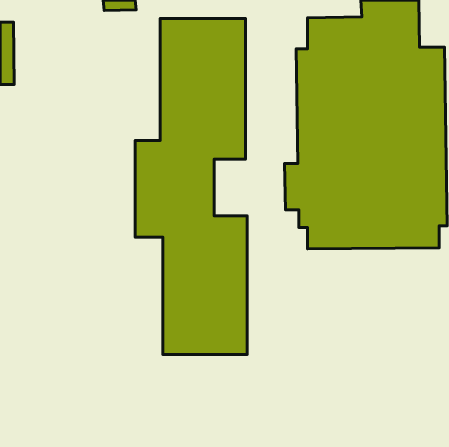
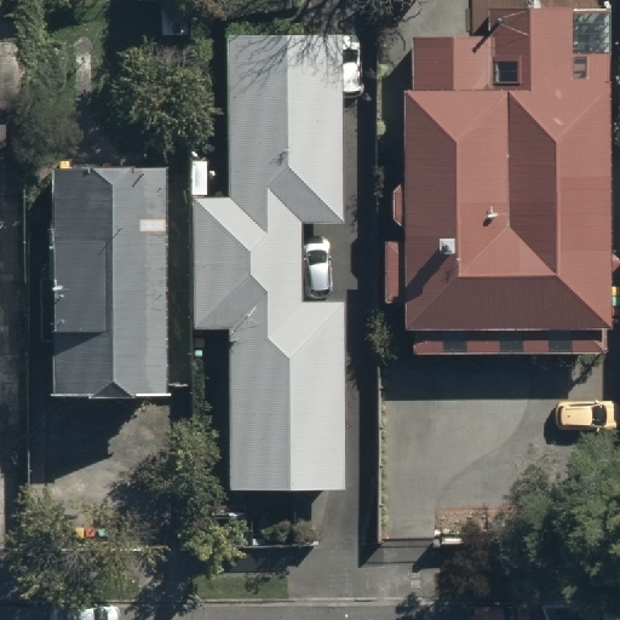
building: none -> [52,147,161,377]

